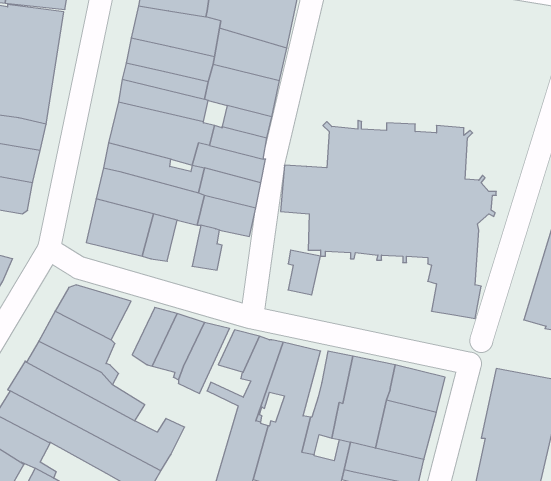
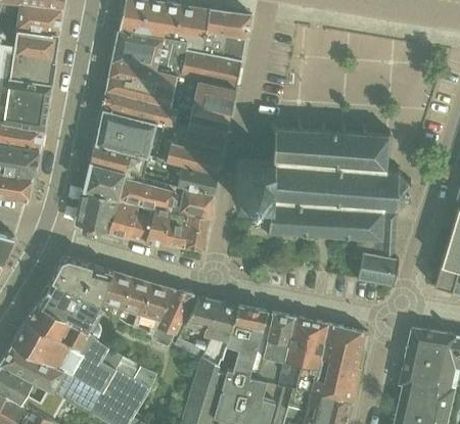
building: none -> [142,206,170,244]
building: [288,250,321,295] -> [183,215,210,251]
building: none -> [96,273,132,317]

